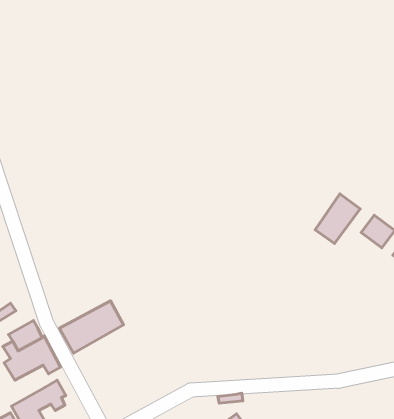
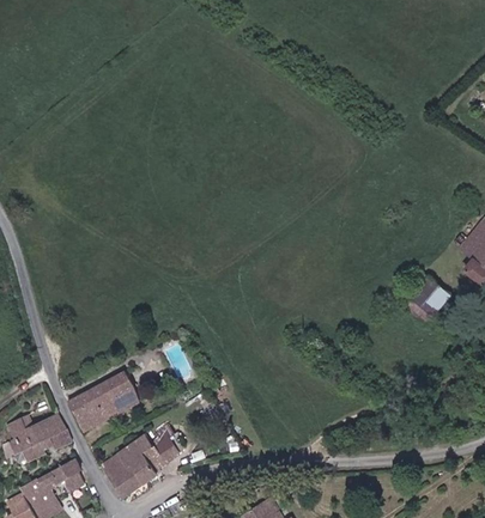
building: [315,194,360,244] -> none
building: none -> [110,437,165,498]

